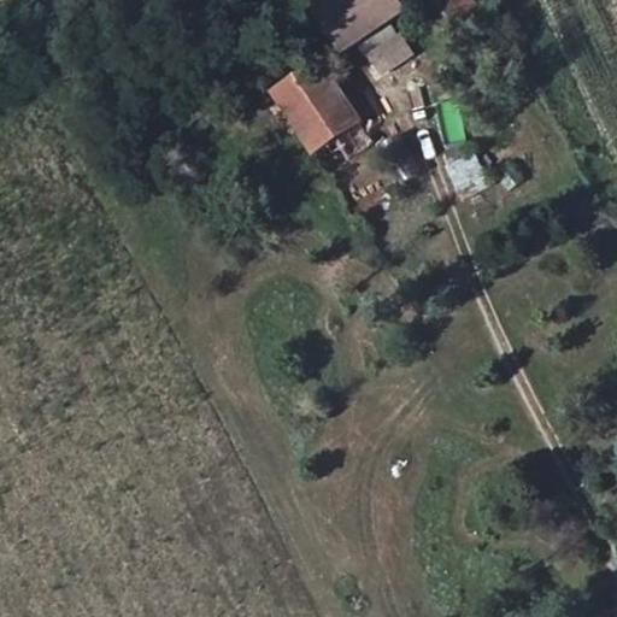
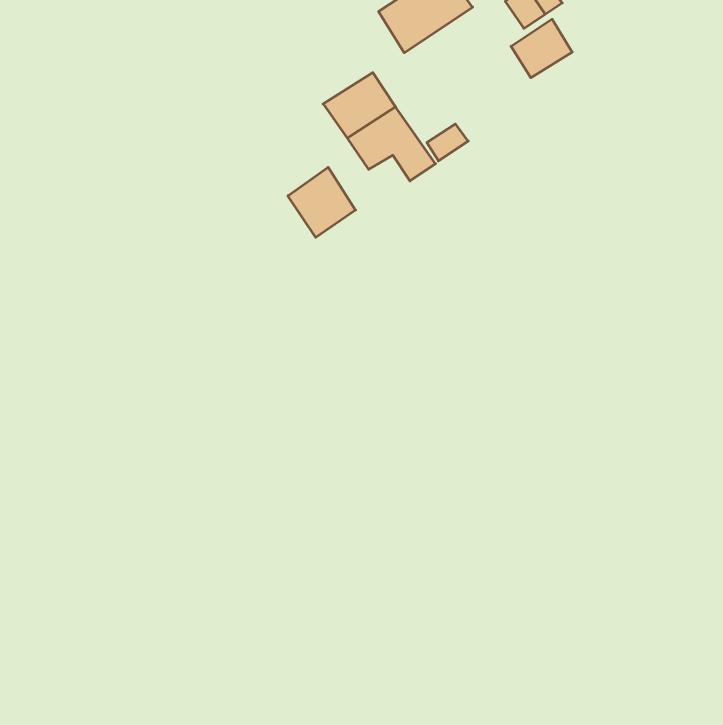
building: [358,28,410,77] -> [511,19,572,78]
building: none -> [288,167,356,237]

